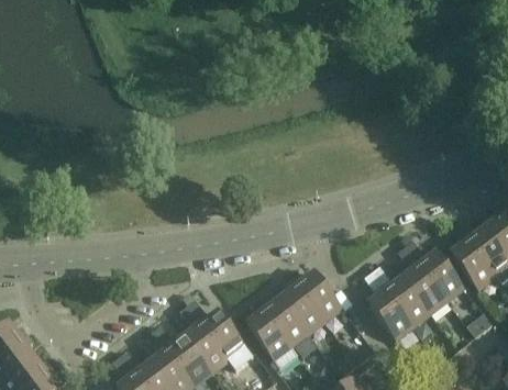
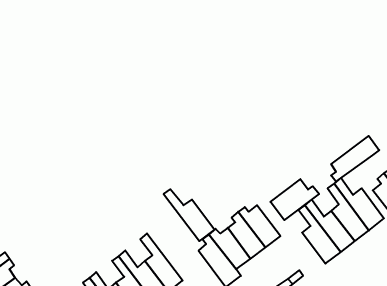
building: none -> [331,136,379,181]
building: none -> [270,179,319,220]
building: [188,302,247,363] -> [164,189,214,241]

